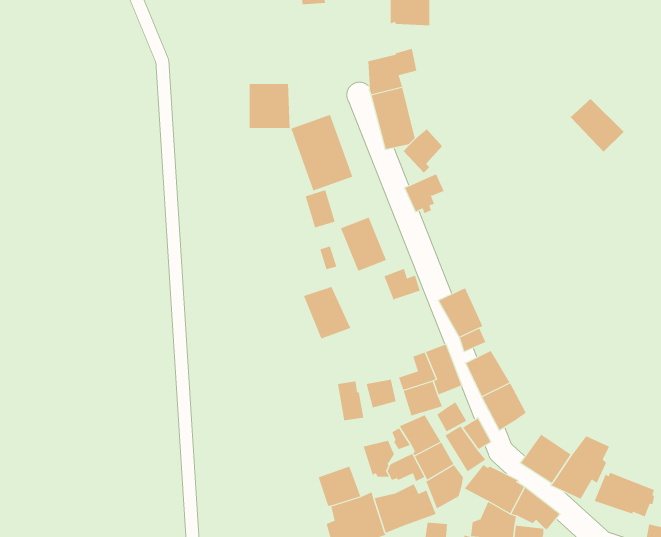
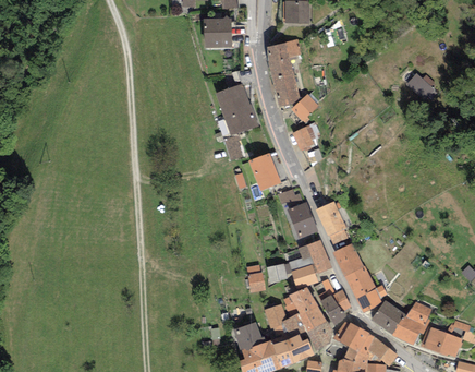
building: [249,84,290,129] -> [204,17,232,48]
building: [303,286,351,339] -> [287,202,319,238]
building: none -> [356,285,387,312]

